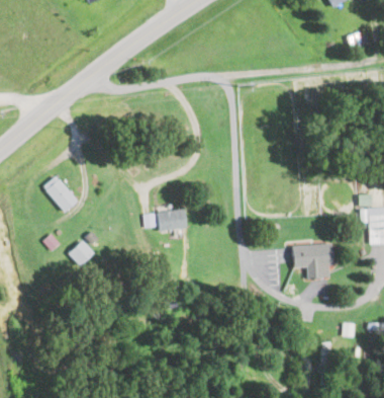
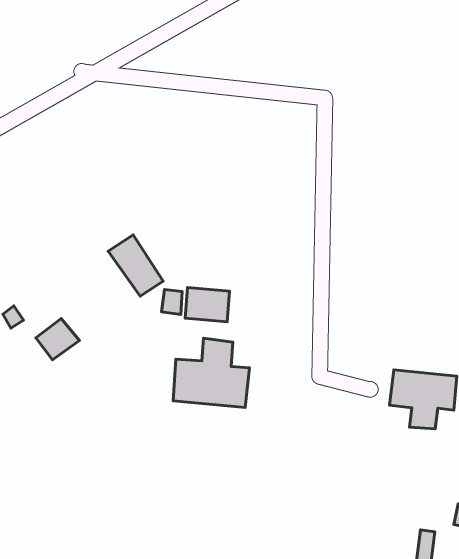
building: [42,173,79,211] -> [108,235,163,296]
building: none -> [173,338,250,407]

